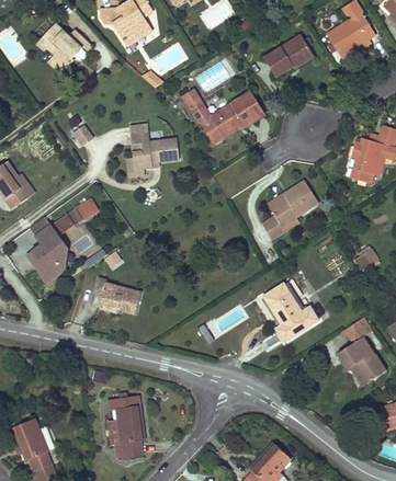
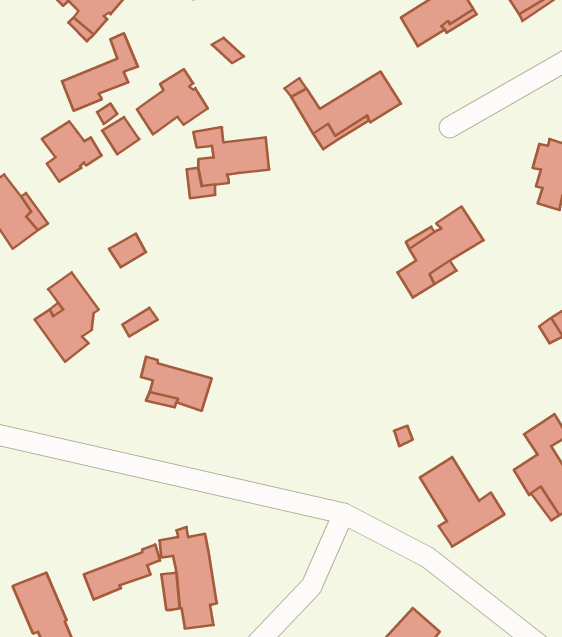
building: none -> [62,33,138,111]
building: none -> [137,69,208,134]
building: none -> [42,121,102,182]
building: [263,283,318,341] -> [420,457,504,547]
building: none -> [84,544,160,600]

